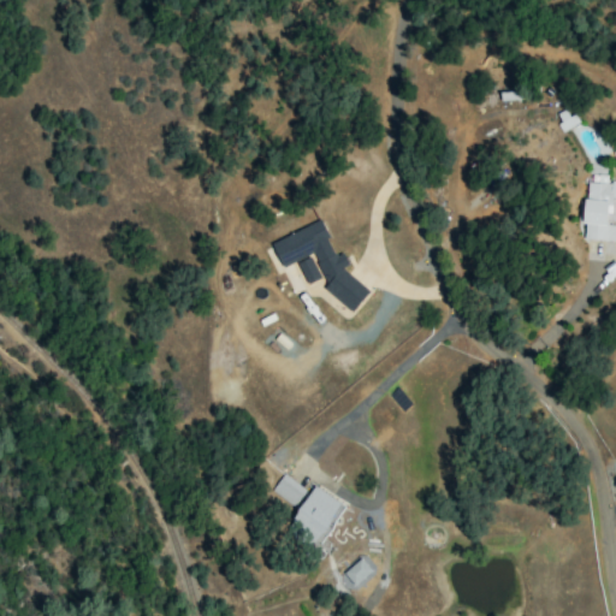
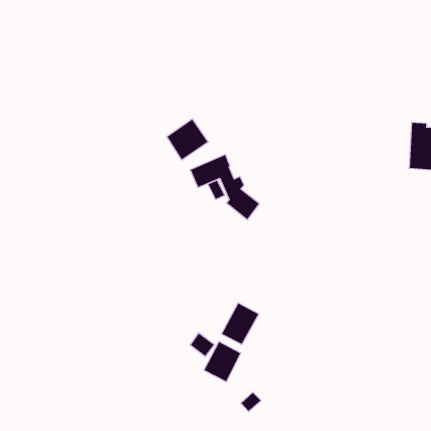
building: none -> [167,119,208,160]
building: none -> [222,303,259,345]

